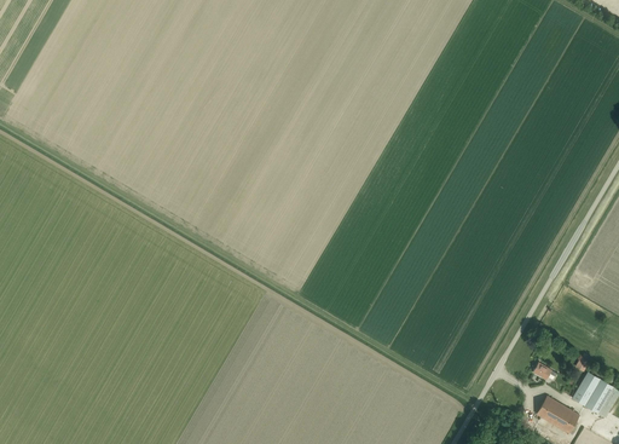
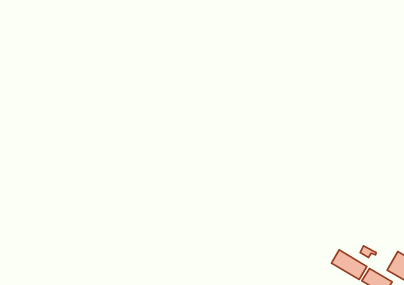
building: none -> [331,250,367,280]

